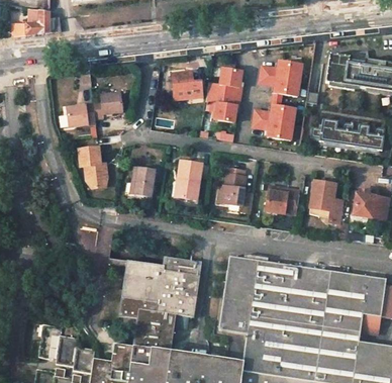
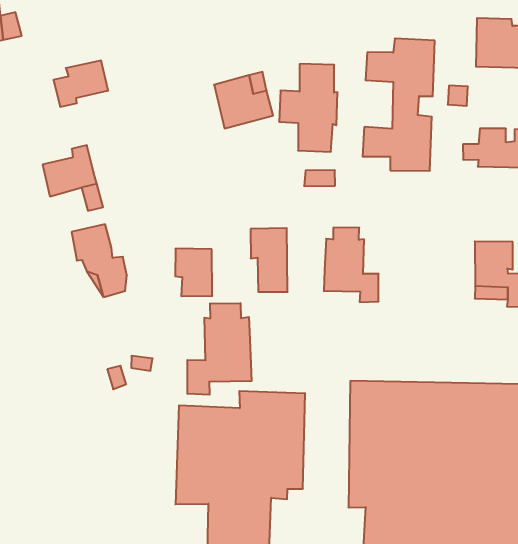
building: [91,91,122,115] -> [53,60,108,107]
building: [262,192,298,218] -> none
building: none -> [187,303,252,395]

